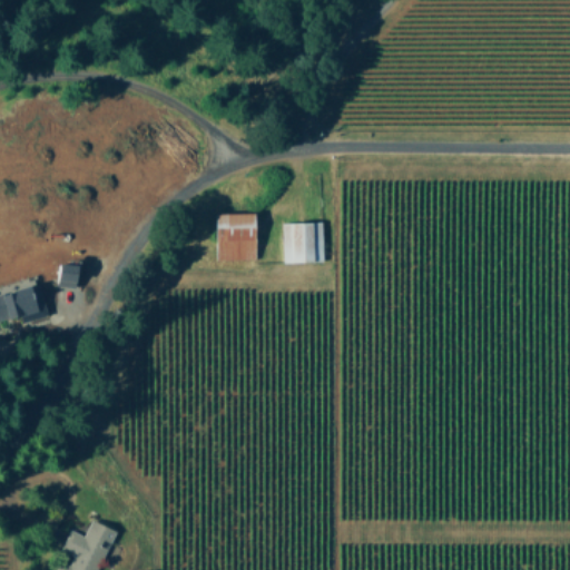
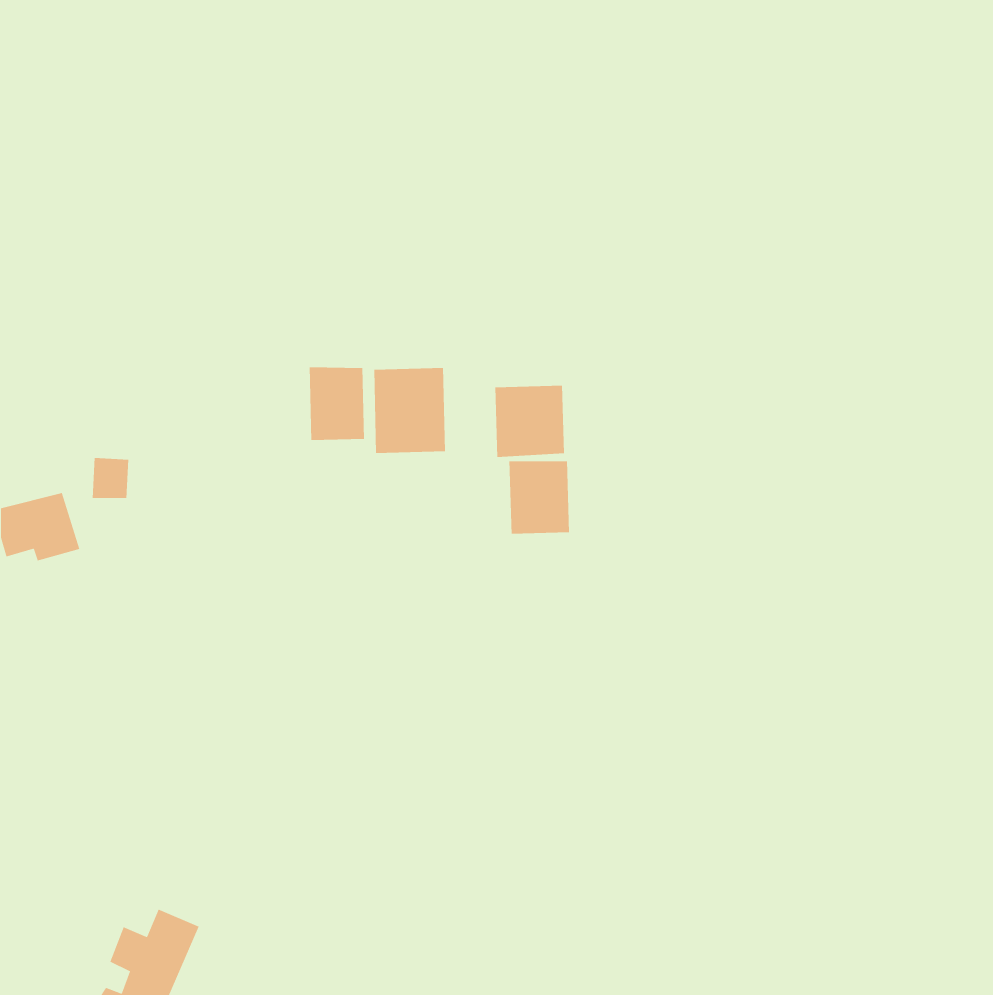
building: none -> [309,367,364,441]
building: none -> [509,461,570,535]

